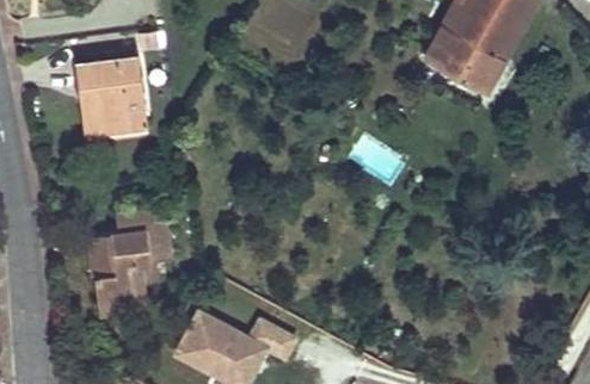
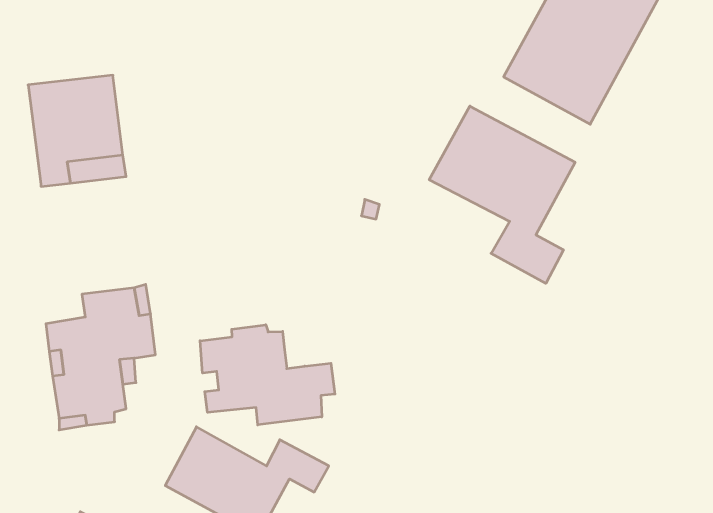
building: none -> [429,106,575,283]
building: none -> [200,325,335,425]

